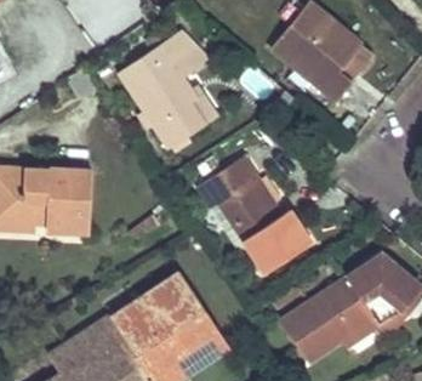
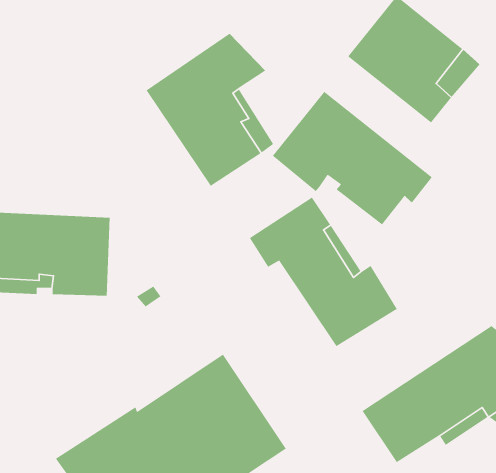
building: none -> [272,91,433,226]

